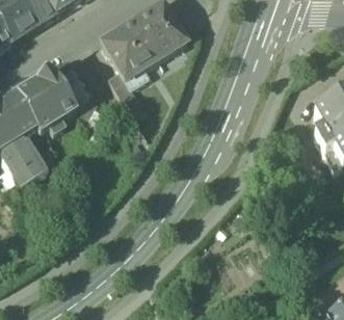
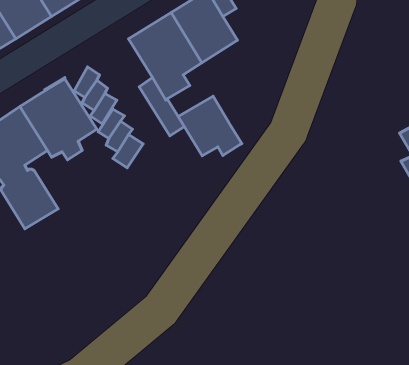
building: none -> [178,96,242,156]

